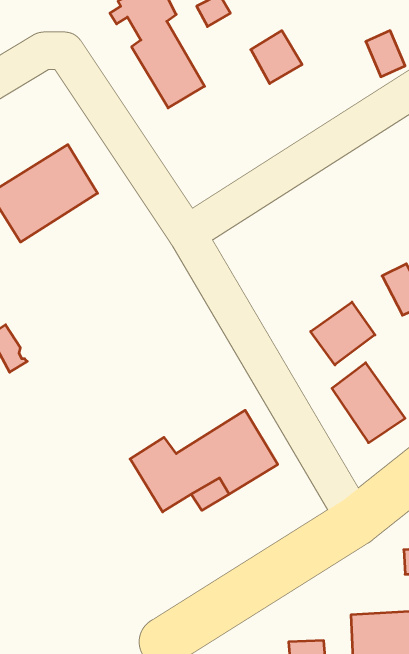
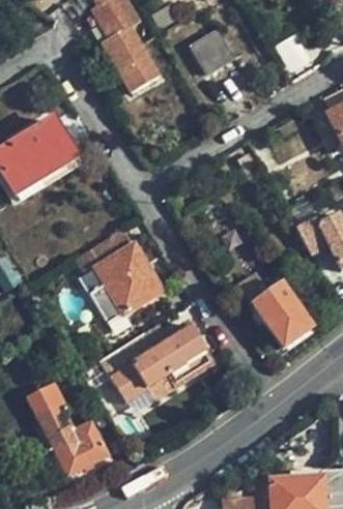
building: none -> [77,229,162,321]
building: [311,302,375,365] -> none
building: none -> [28,380,108,473]

